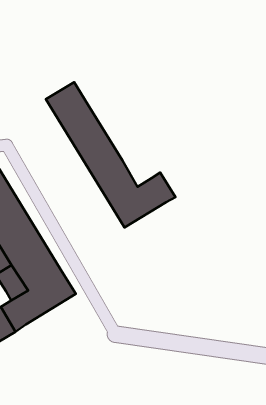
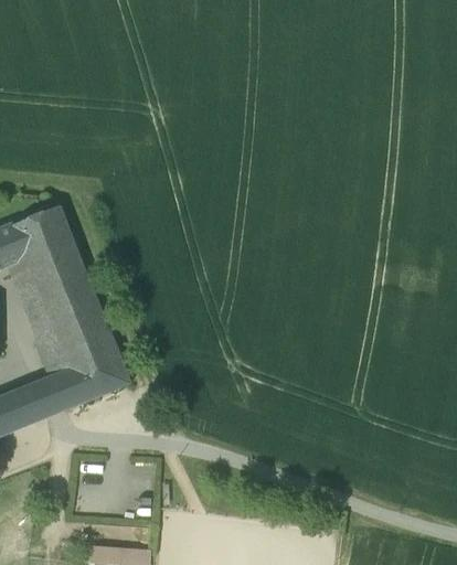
building: [46,82,175,228] -> none

